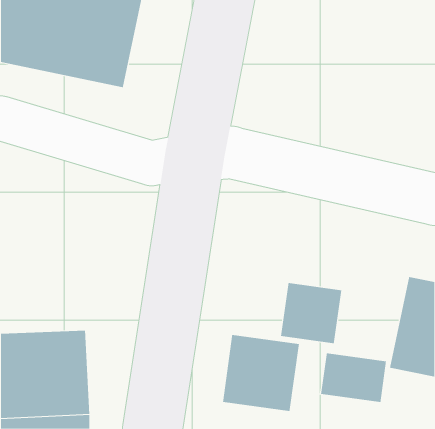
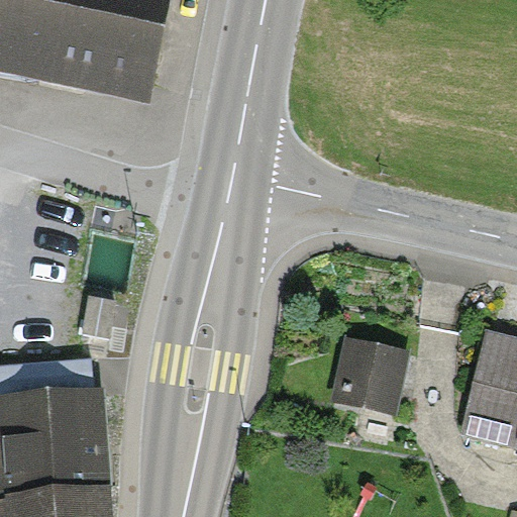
building: [222,334,299,412] -> none
building: [321,353,387,403] -> none

